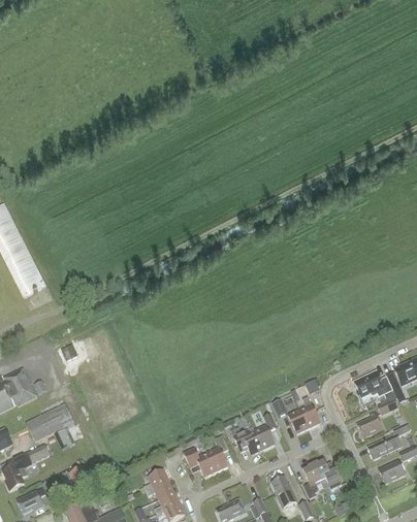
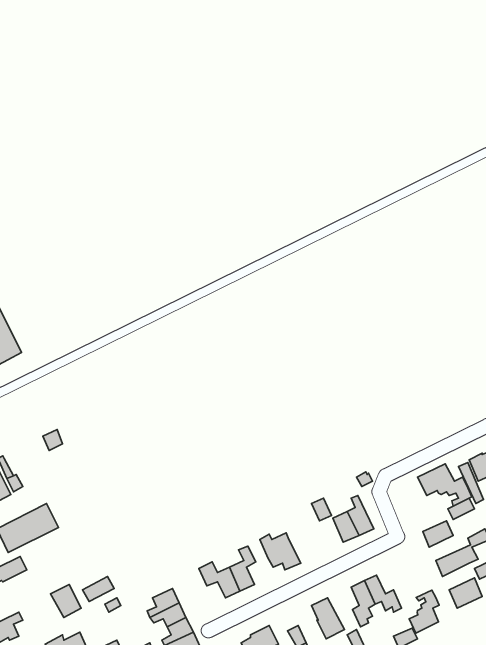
building: [254,413,277,449] -> none
building: none -> [409,590,439,633]

